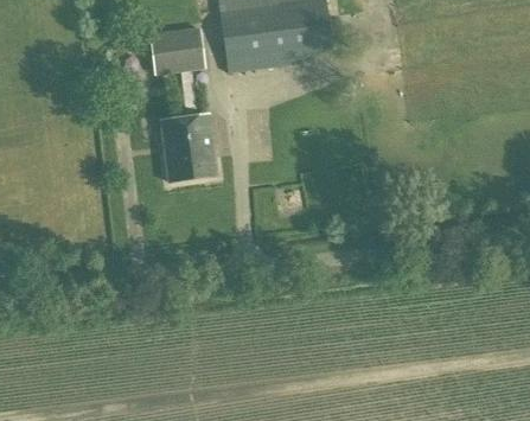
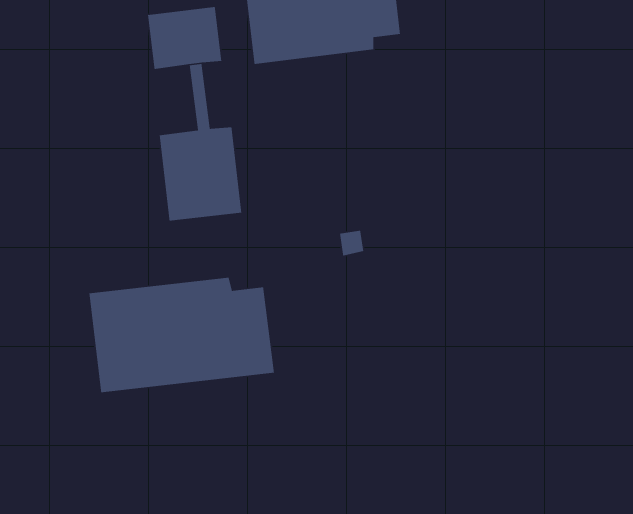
building: none -> [88,277,275,393]

